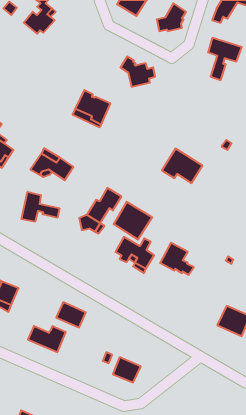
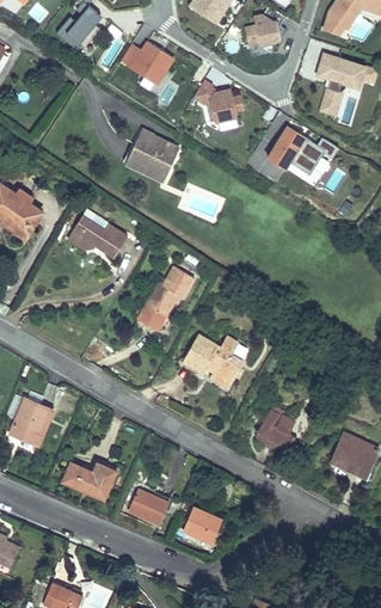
building: none -> [121,41,173,84]
building: [162,149,202,183] -> [268,125,325,174]
building: [21,192,59,222] -> none
building: [114,202,152,240] -> none
building: [160,243,194,275] -> [256,409,303,454]
building: [56,302,86,328] -> [128,489,170,524]

